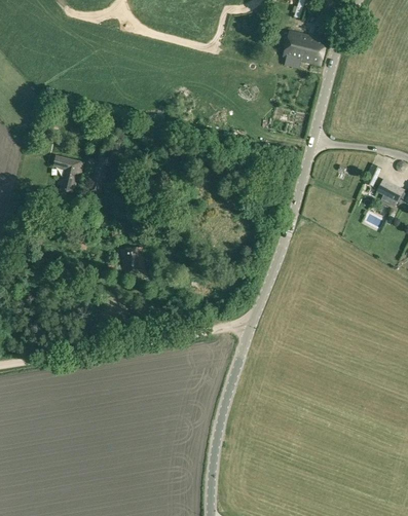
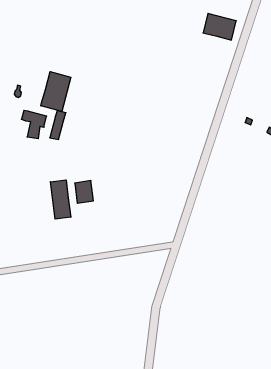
building: none -> [41,72,71,112]
building: none -> [50,180,71,219]

